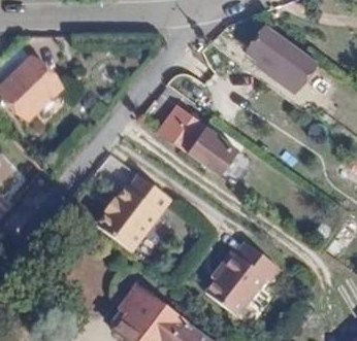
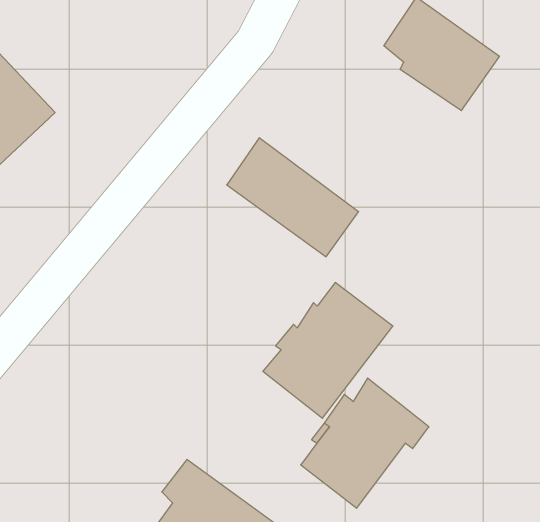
building: [99,177,173,254] -> [263,283,393,418]

